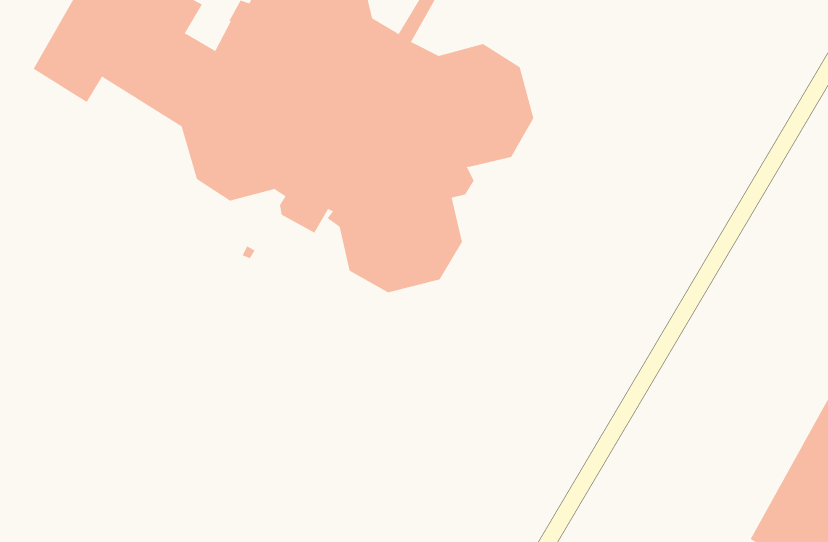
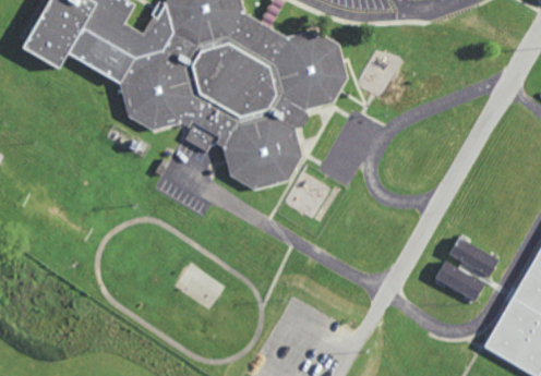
building: none -> [448,239,498,279]
building: none -> [434,263,484,303]

